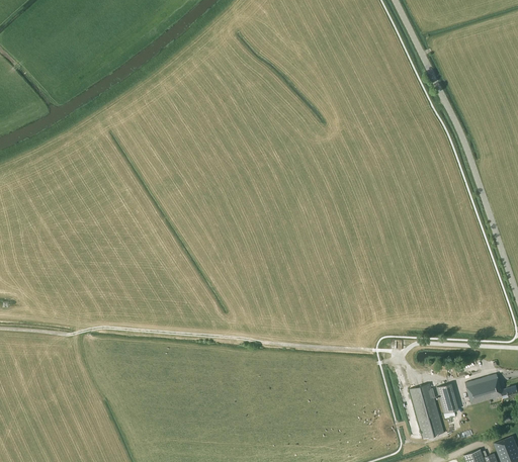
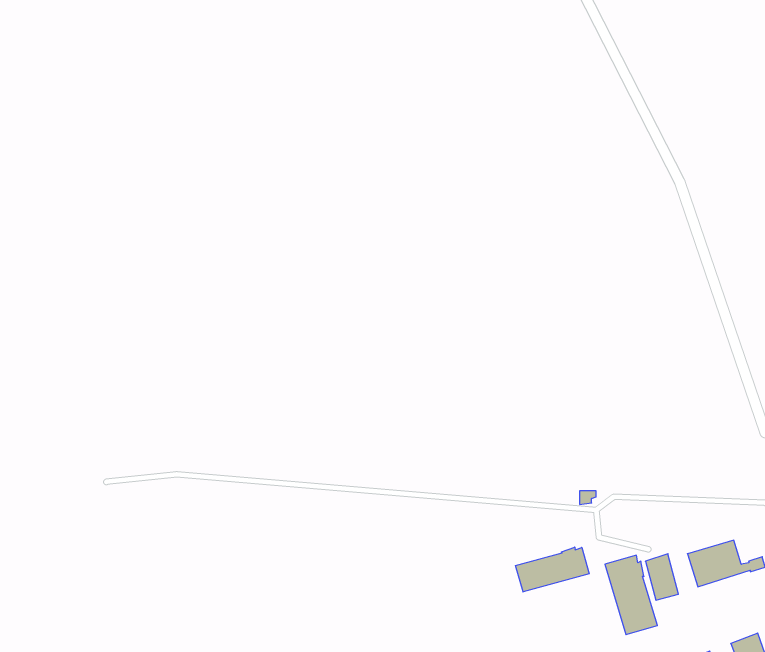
building: none -> [516,547,589,592]

